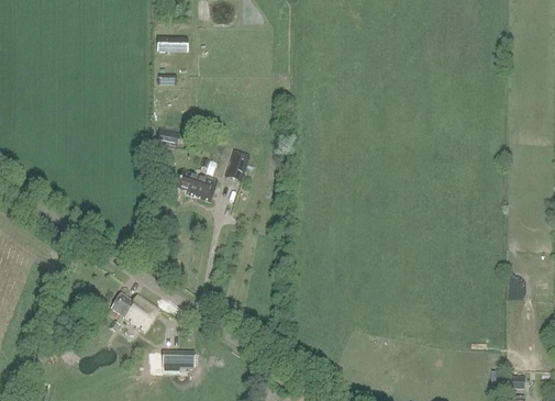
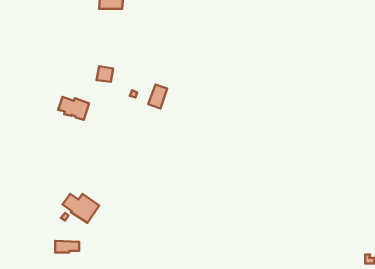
building: [177,170,218,201] -> [58,97,89,120]
building: [162,353,193,368] -> [55,241,79,252]

